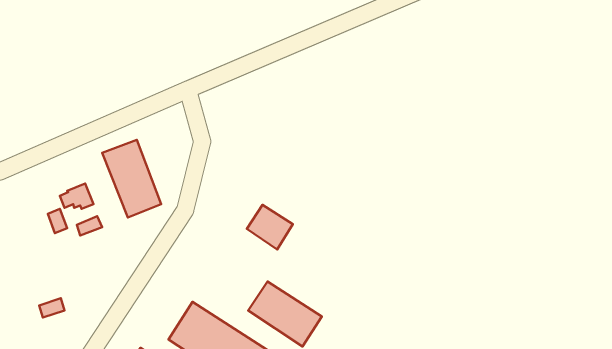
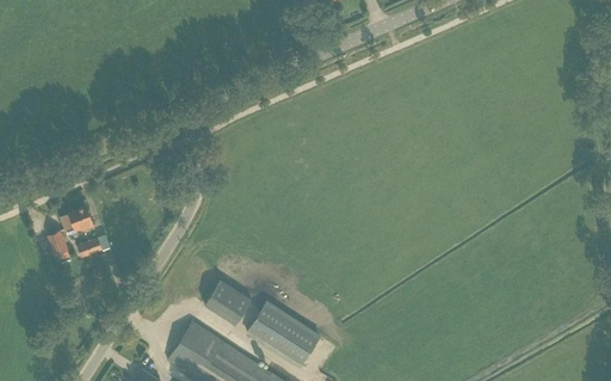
building: [102,140,161,218] -> none
building: [247,205,293,250] -> [205,279,251,324]

